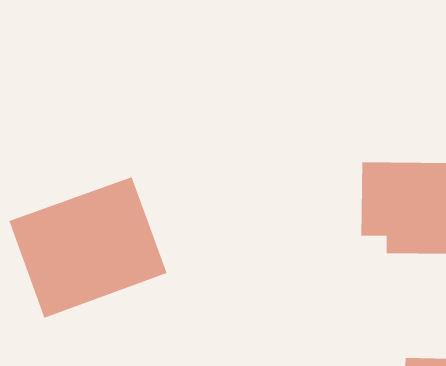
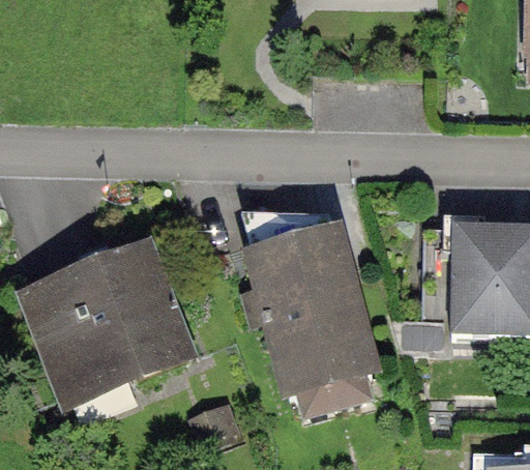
building: none -> [238,231,385,413]

